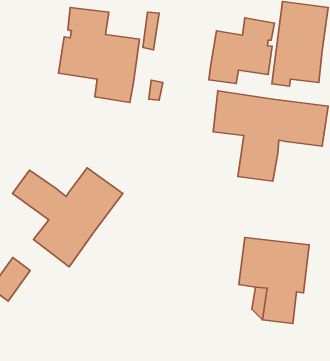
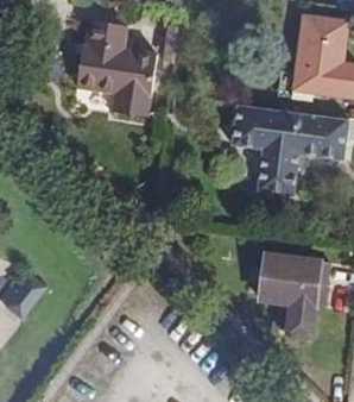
building: [209,18,274,84] -> none
building: [12,168,123,267] -> none

